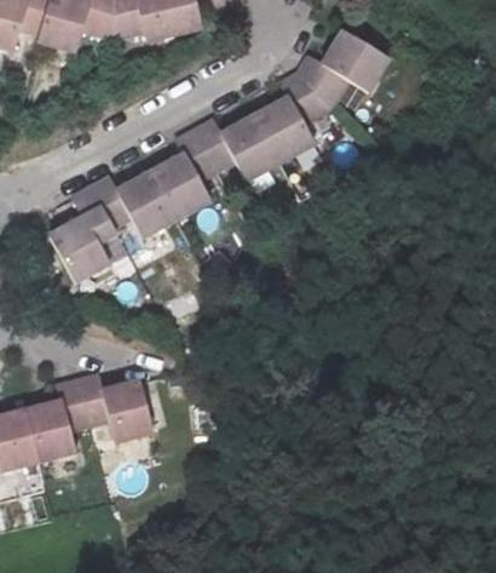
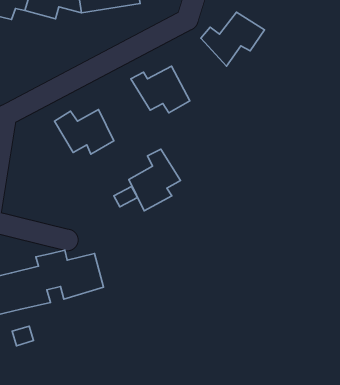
building: [253,73,331,162] -> none
building: [149,131,223,219] -> [129,149,180,211]
building: [42,191,121,286] -> none

